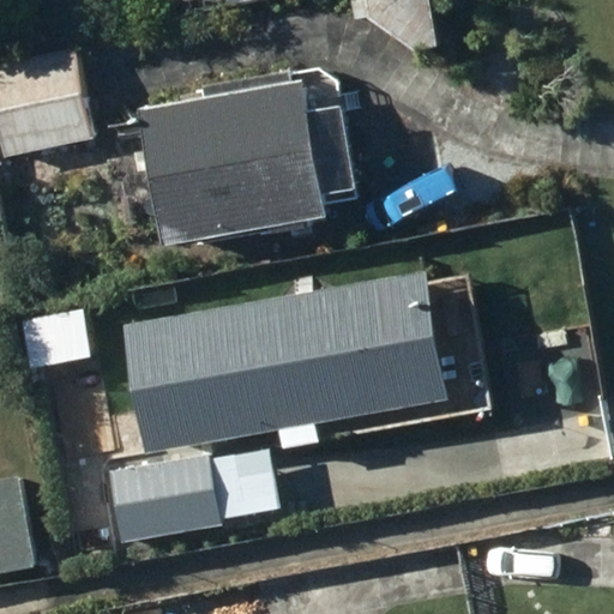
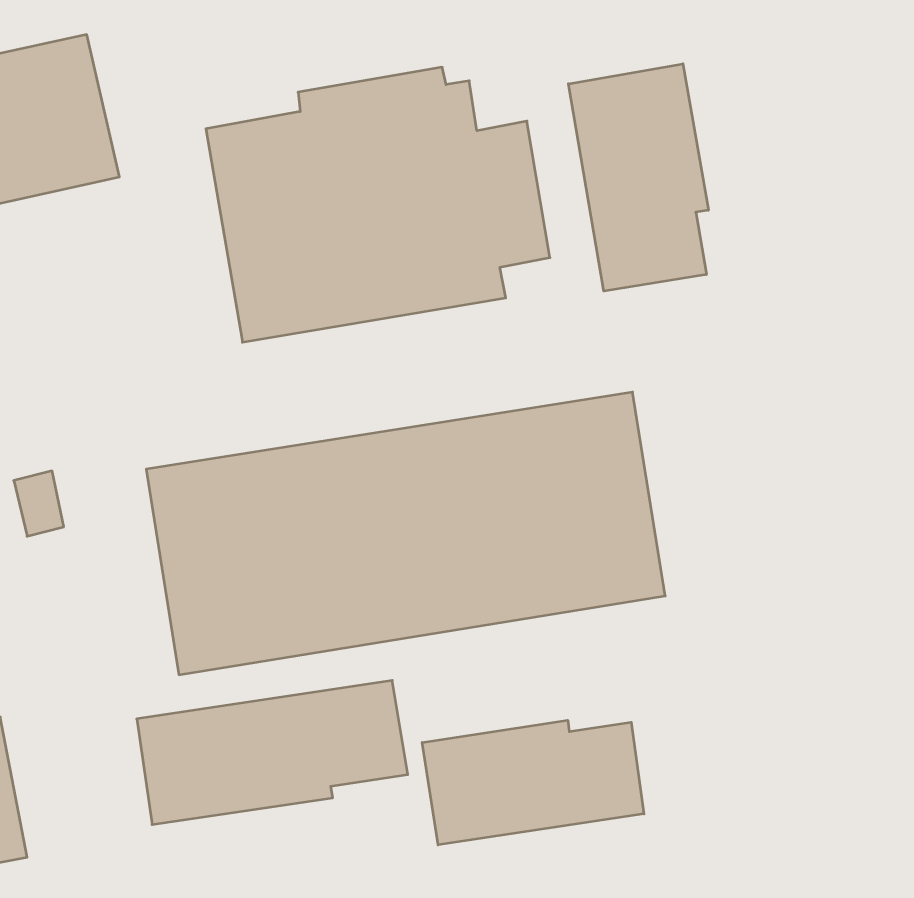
building: none -> [568,64,708,291]
building: none -> [422,720,644,845]

